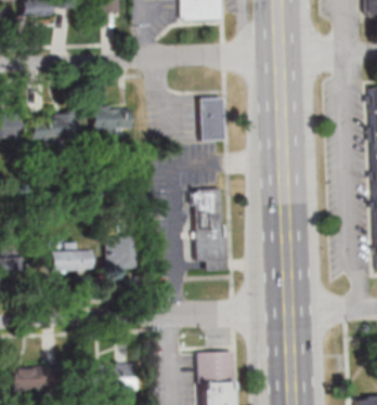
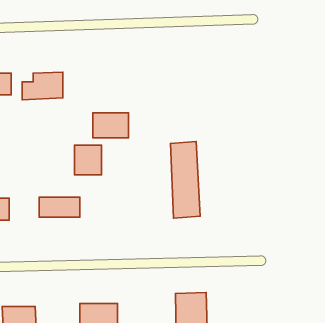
building: [202,99,225,141] -> none
building: [94,107,133,134] -> [93,113,129,138]
building: [108,237,138,270] -> [74,145,101,175]

